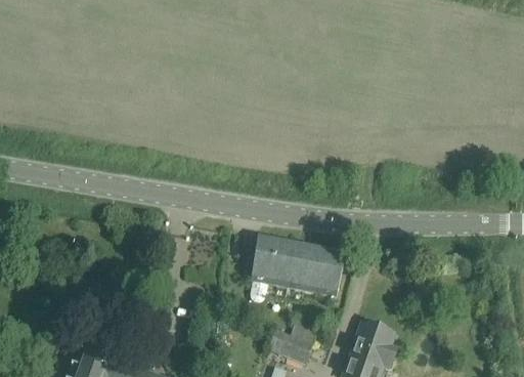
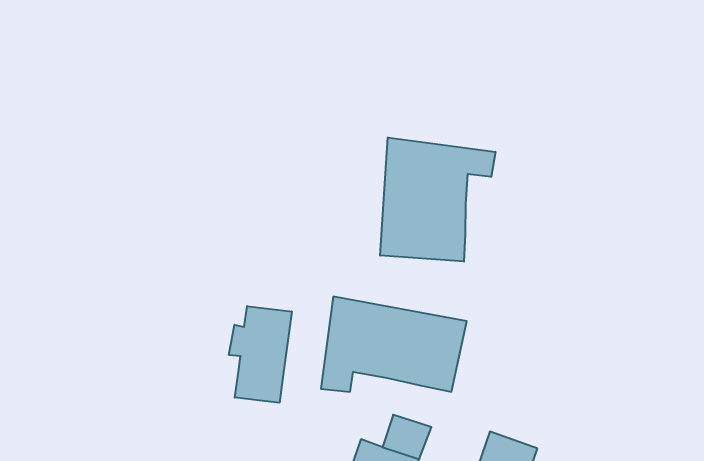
building: none -> [380,137,495,262]
building: none -> [229,306,292,403]

